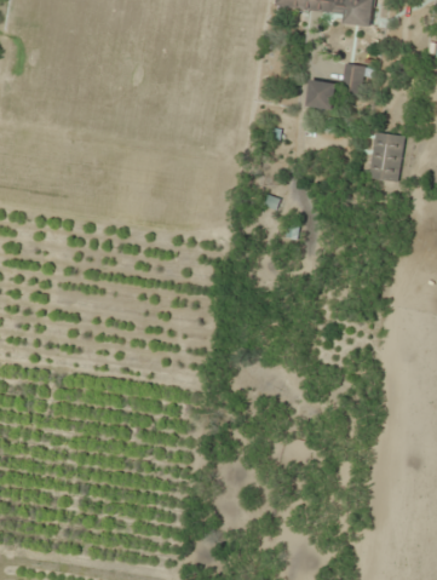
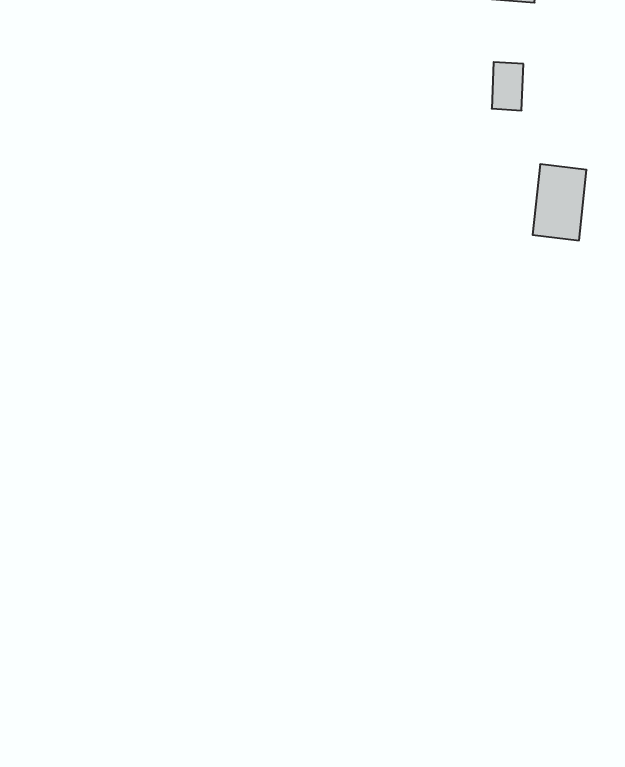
building: [307,80,337,109] -> none

